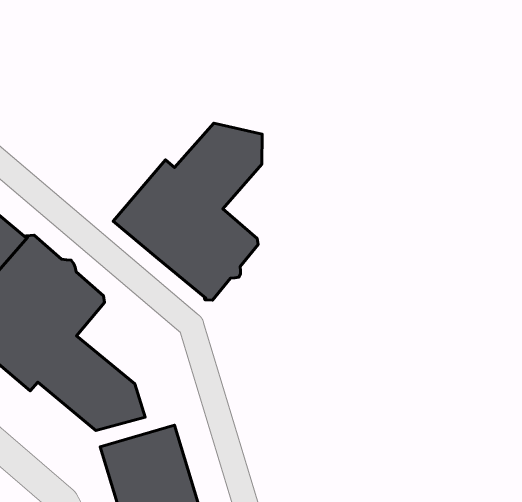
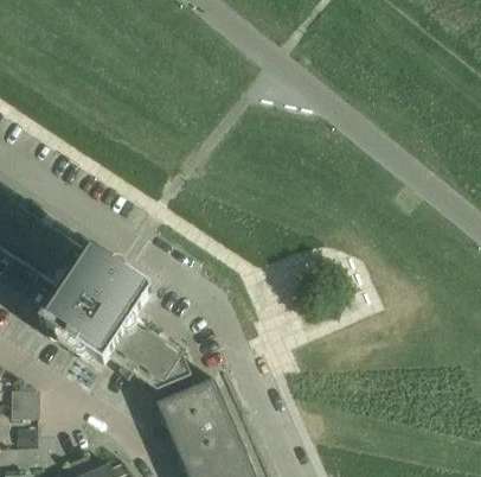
building: [113,123,262,300] -> none

